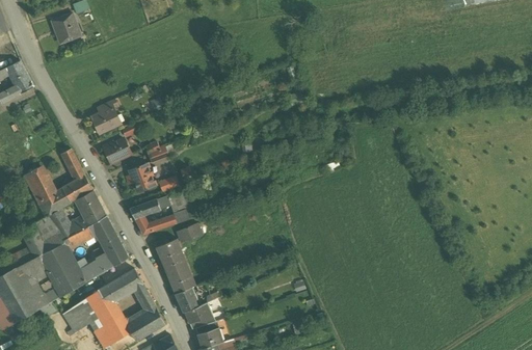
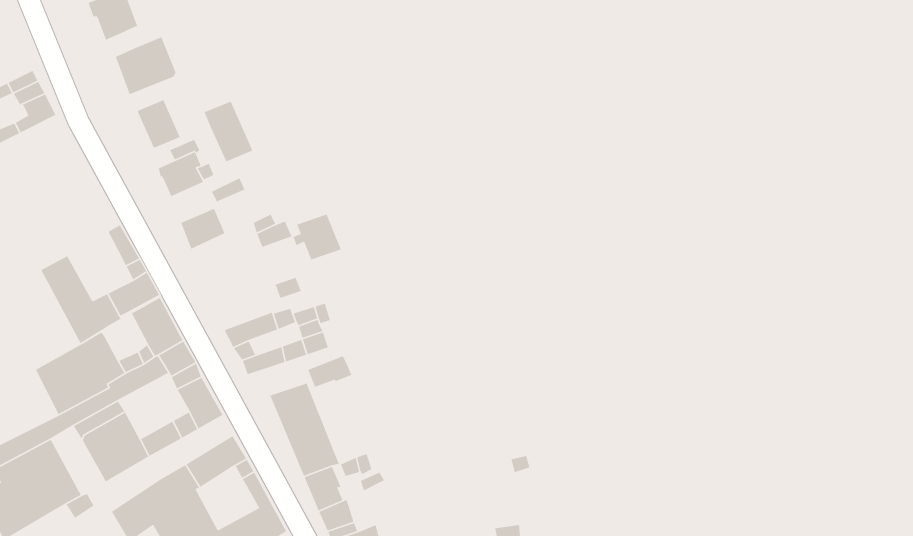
building: none -> [115,36,176,95]
building: none -> [137,99,181,149]
building: none -> [204,100,253,163]
building: [127,164,155,191] -> [293,213,342,261]

